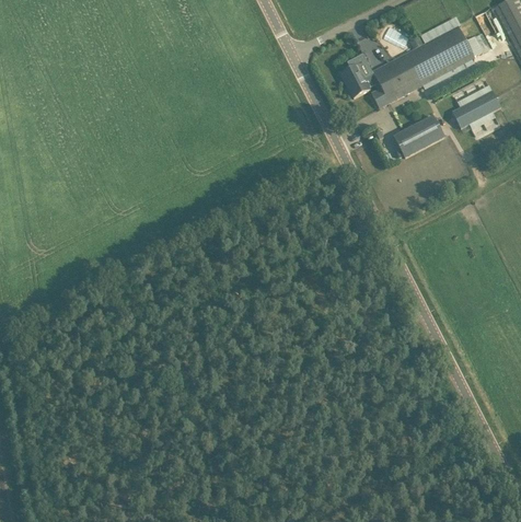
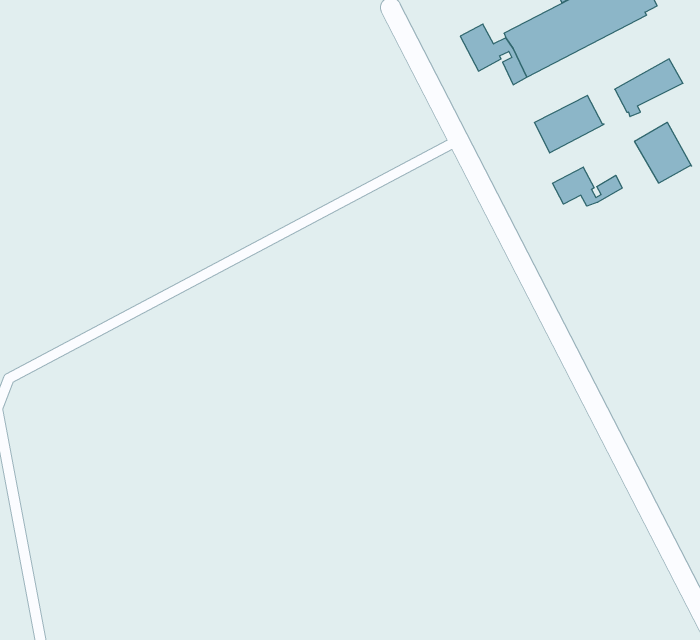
building: none -> [635,122,692,183]
building: none -> [553,167,622,206]

